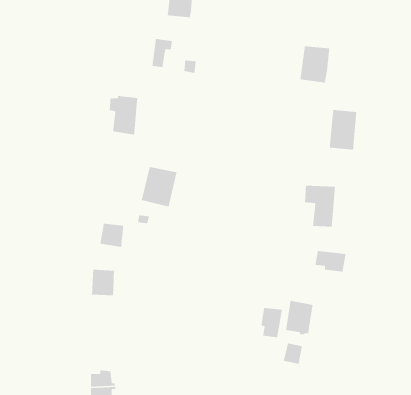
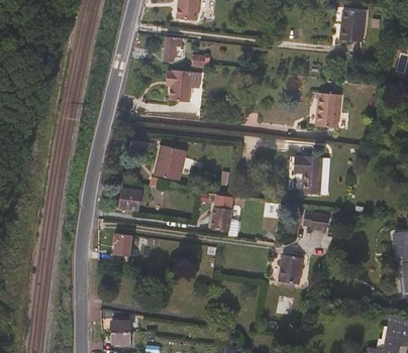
building: [299,46,330,83] -> [339,11,366,43]
building: [109,95,138,135] -> [167,68,192,102]
building: none -> [211,205,238,236]
building: [260,307,283,338] -> none

